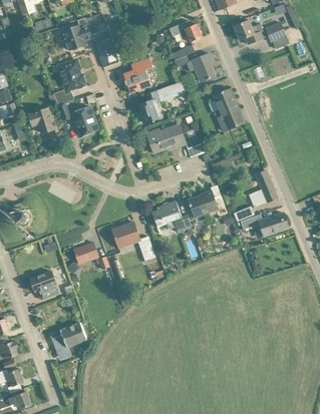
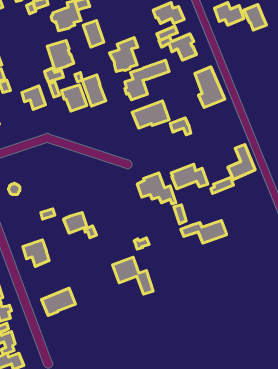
building: none -> [82,75,106,106]
building: [240,212,288,236] -> [181,221,226,243]
building: [111,221,154,260] -> [112,257,153,294]

